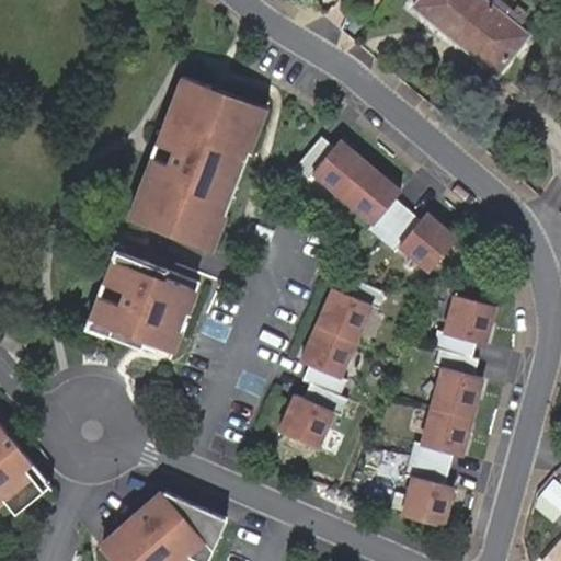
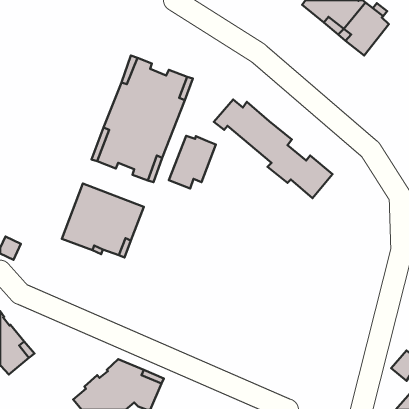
building: none -> [169,136,216,189]
building: [279,277,385,449] -> none
building: [402,295,495,526] -> none

